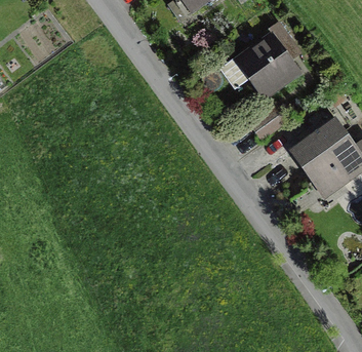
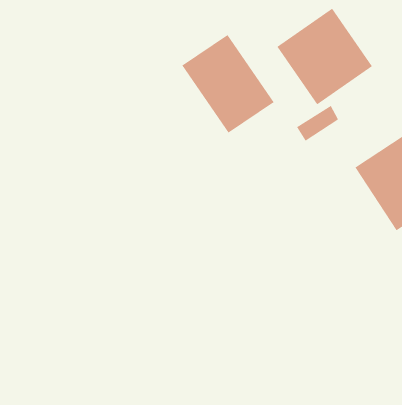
building: none -> [181,34,274,134]

